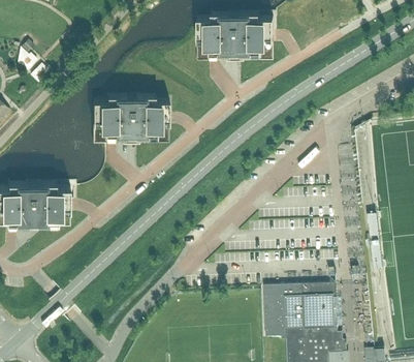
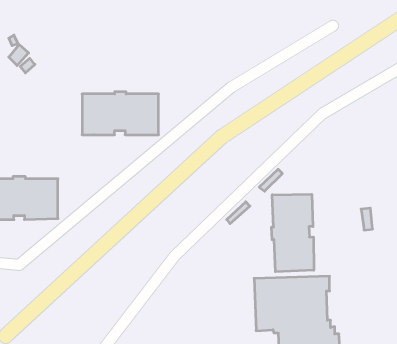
building: [197,16,273,58] -> none
building: none -> [272,194,314,272]

